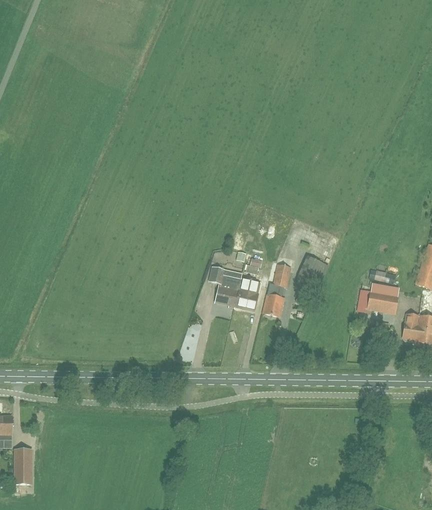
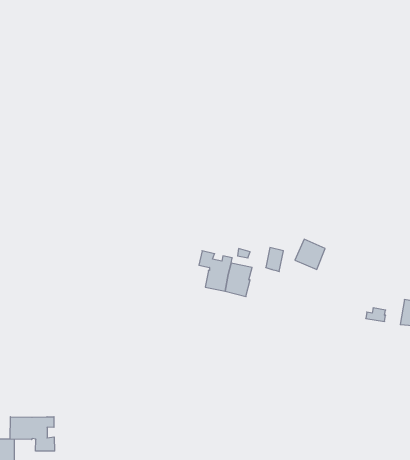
building: [262,281,284,315] -> none
building: [367,291,397,312] -> none
building: none -> [10,417,55,451]

